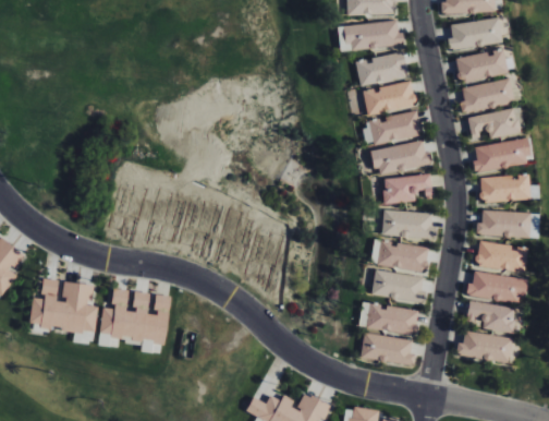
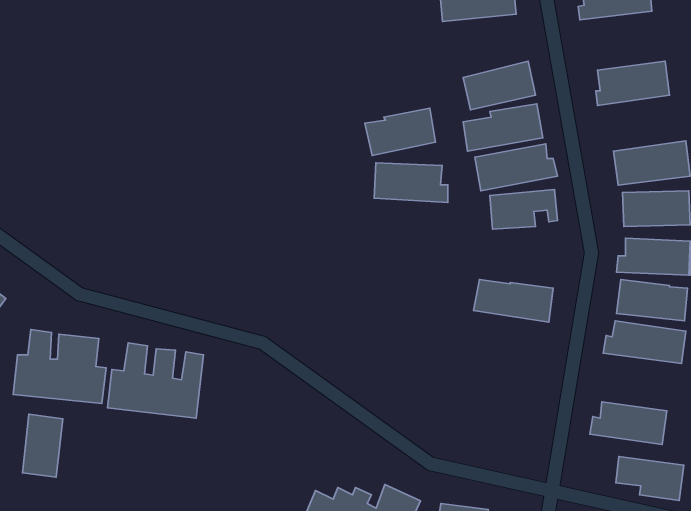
building: [455,49,509,83] -> none
building: [355,51,407,86] -> [365,108,436,156]
building: [468,108,522,140] -> none
building: [382,211,437,240] -> [374,163,448,203]
building: [373,270,425,303] -> none
building: [467,301,517,334] -> [616,456,684,501]
building: [359,302,418,335] -> none
building: [362,334,416,365] -> none
building: none -> [22,414,63,477]

